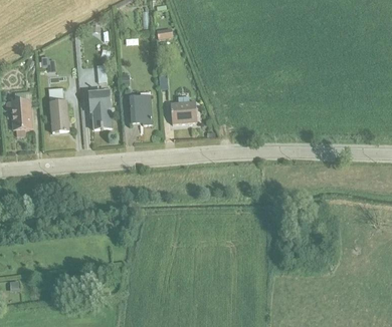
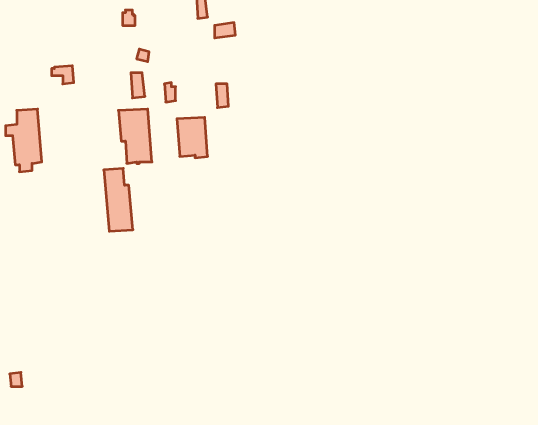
building: [47,86,68,131] -> [104,168,133,231]
building: [169,89,196,122] -> none

